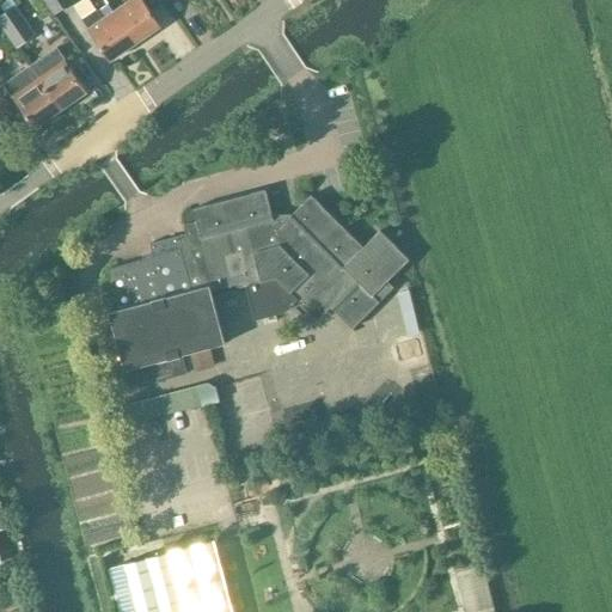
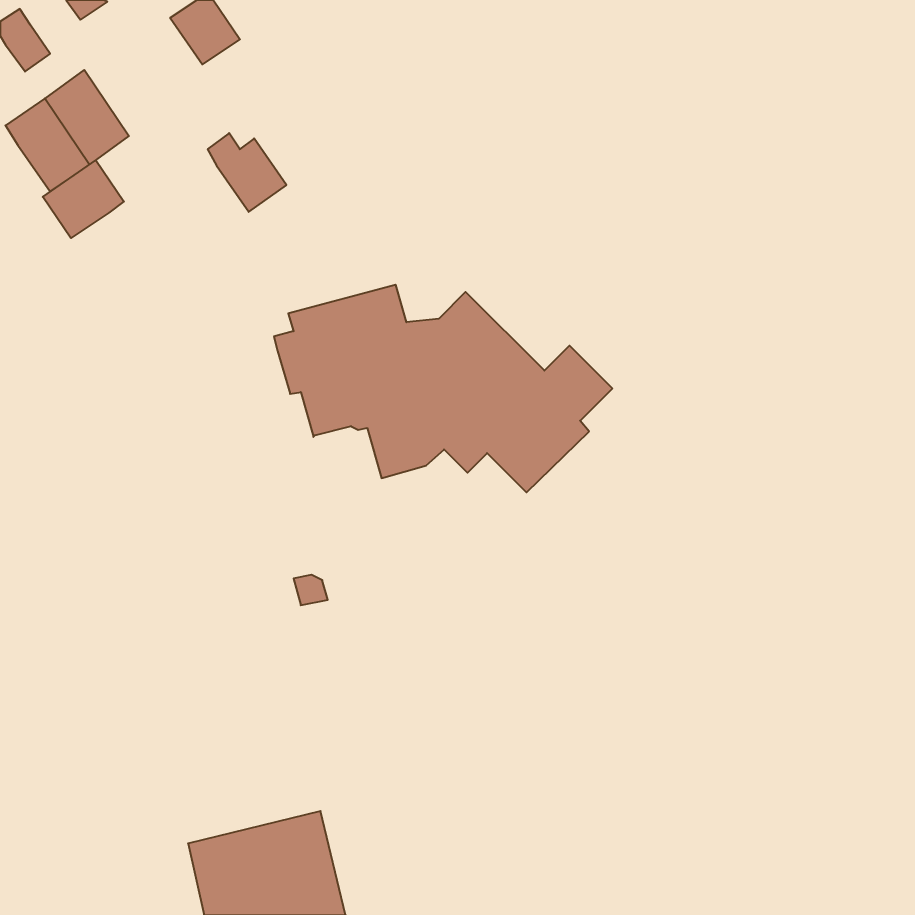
building: [82,8,135,61] -> [208,133,286,212]
building: none -> [43,160,124,238]
building: [106,234,225,386] -> none

